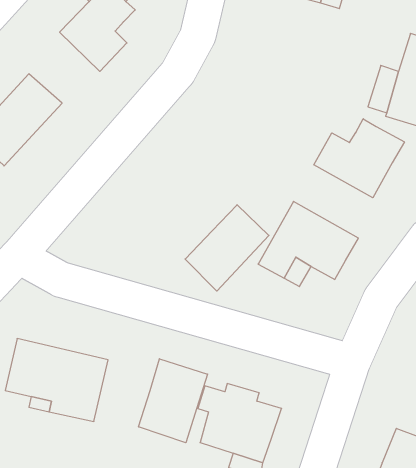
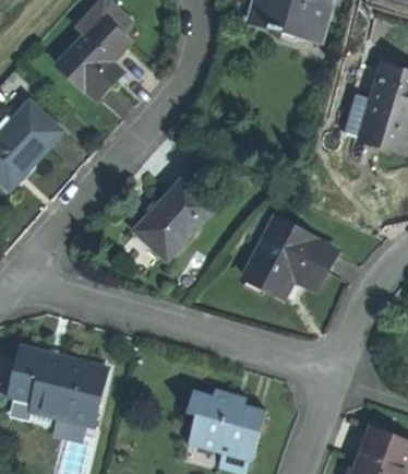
building: [314,119,404,198] -> none
building: [185,205,269,291] -> [135,178,213,258]
building: [139,359,208,443] -> none

